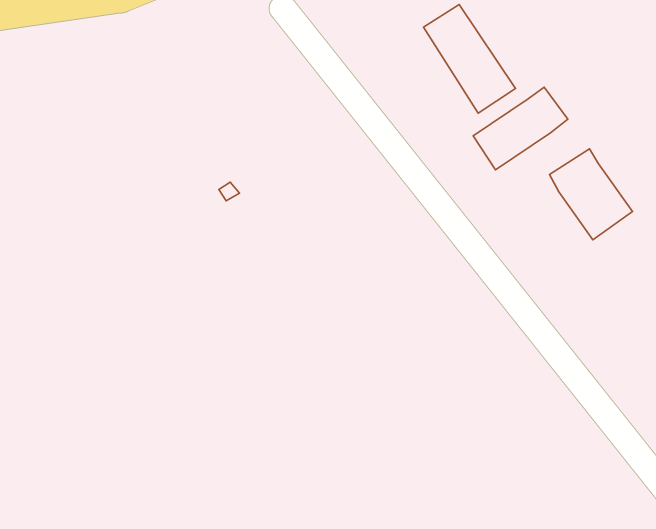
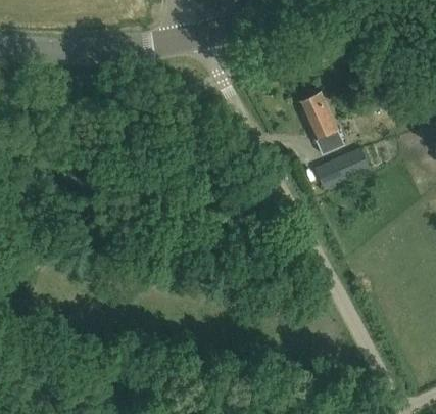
building: [549,149,632,240] -> none

